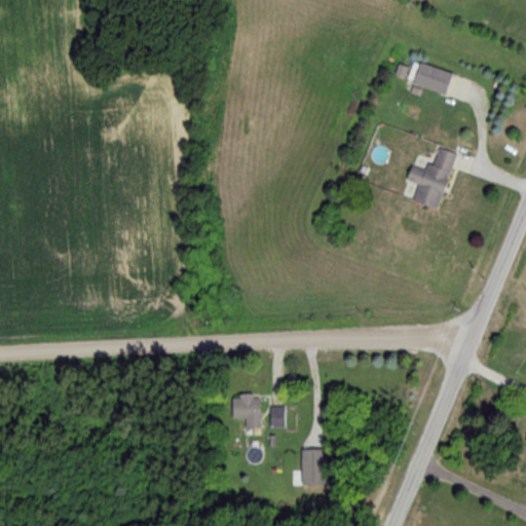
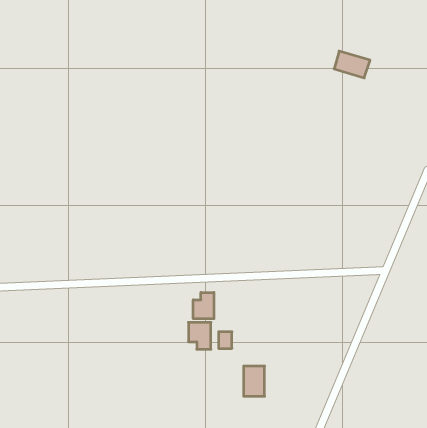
building: [407,147,456,210] -> none
building: none -> [193,292,214,319]

